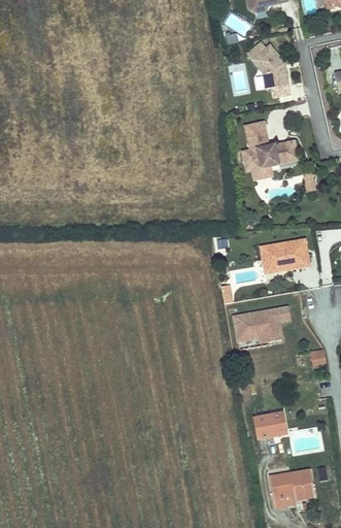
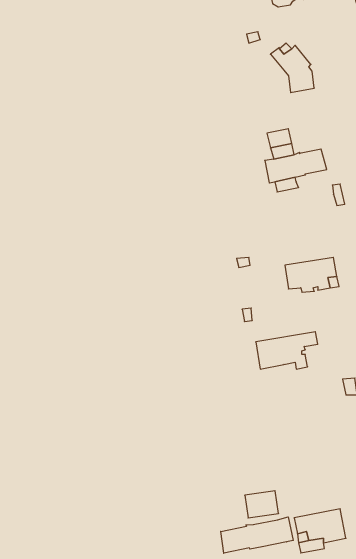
building: [254,411,285,436] -> [245,491,279,518]
building: none -> [221,517,293,553]

